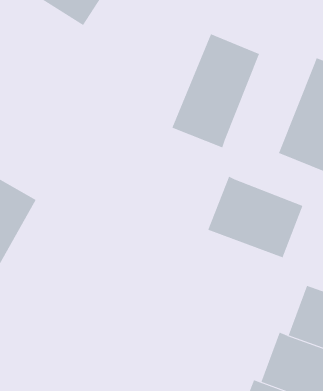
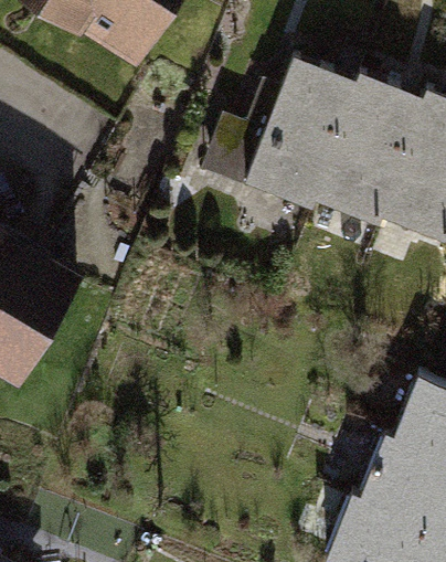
building: none -> [315,77,425,221]
building: [207,176,303,258] -> none

